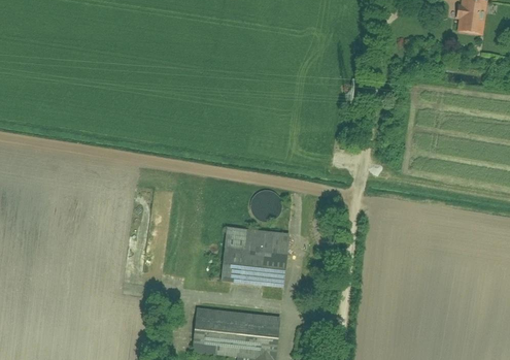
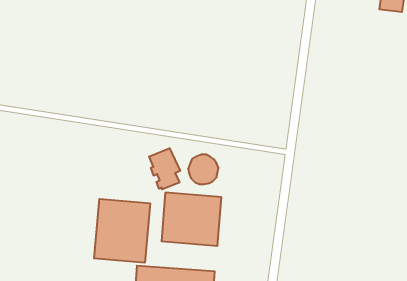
building: none -> [149,148,180,189]
building: none -> [94,199,150,263]

